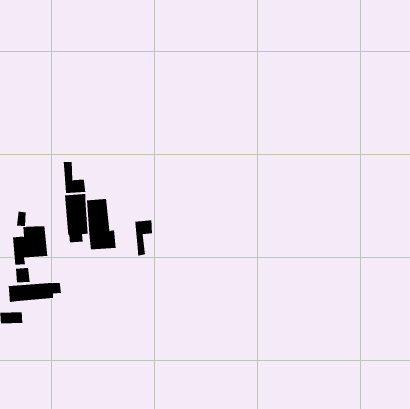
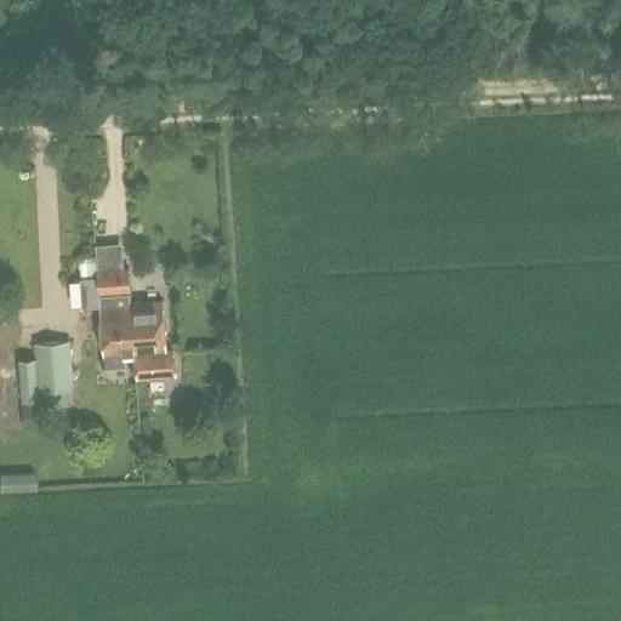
building: [135,220,153,256] -> none
building: [8,282,62,303] -> none

